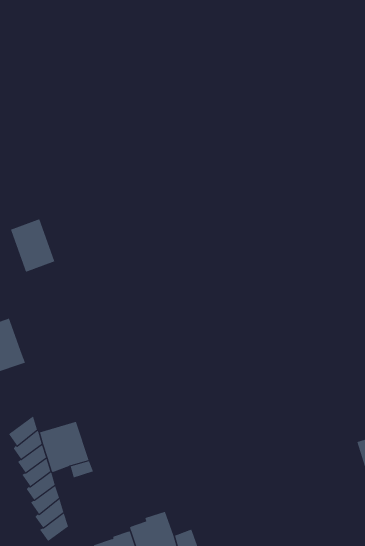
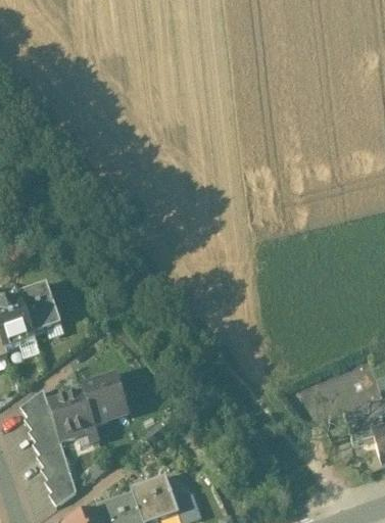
building: [10,219,55,272] -> [19,280,61,330]
building: none -> [82,375,129,423]

